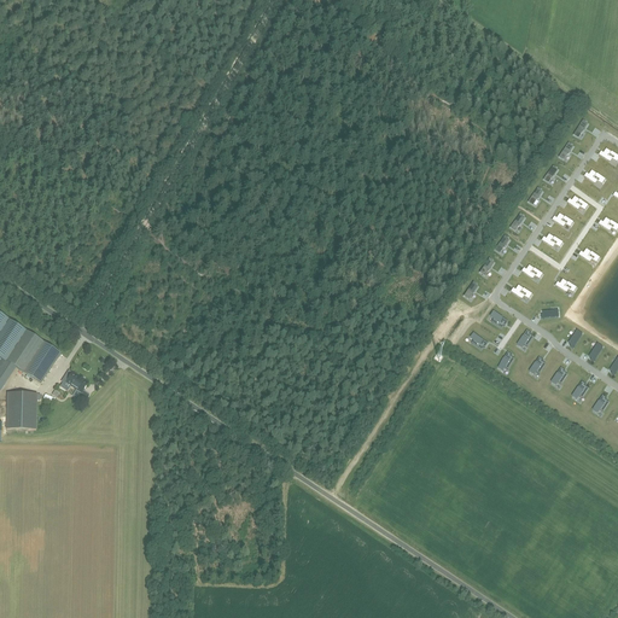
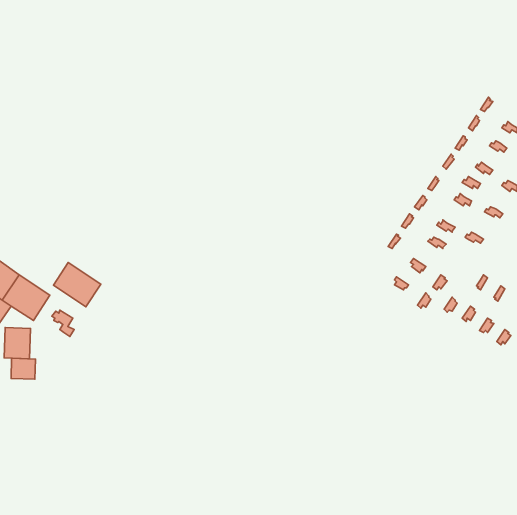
building: none -> [53,263,101,307]
building: none -> [11,358,35,379]

